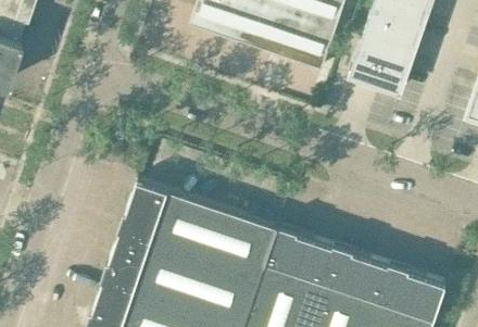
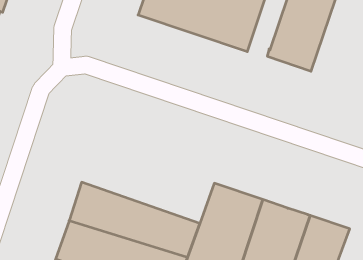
building: [123,179,284,277] -> none

